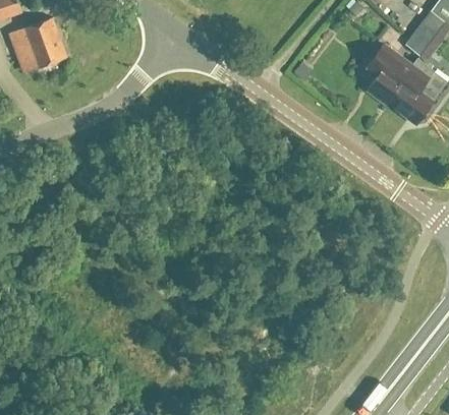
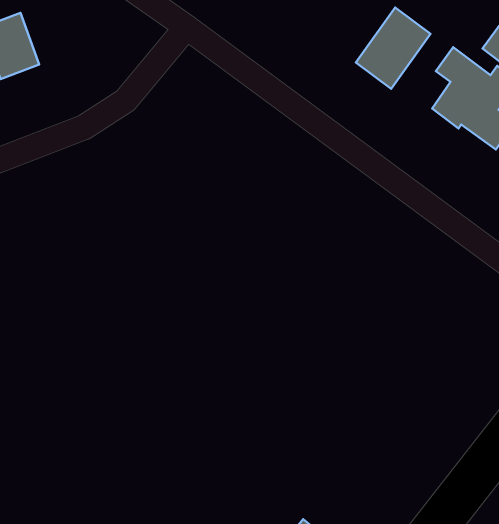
building: none -> [356,7,430,89]

